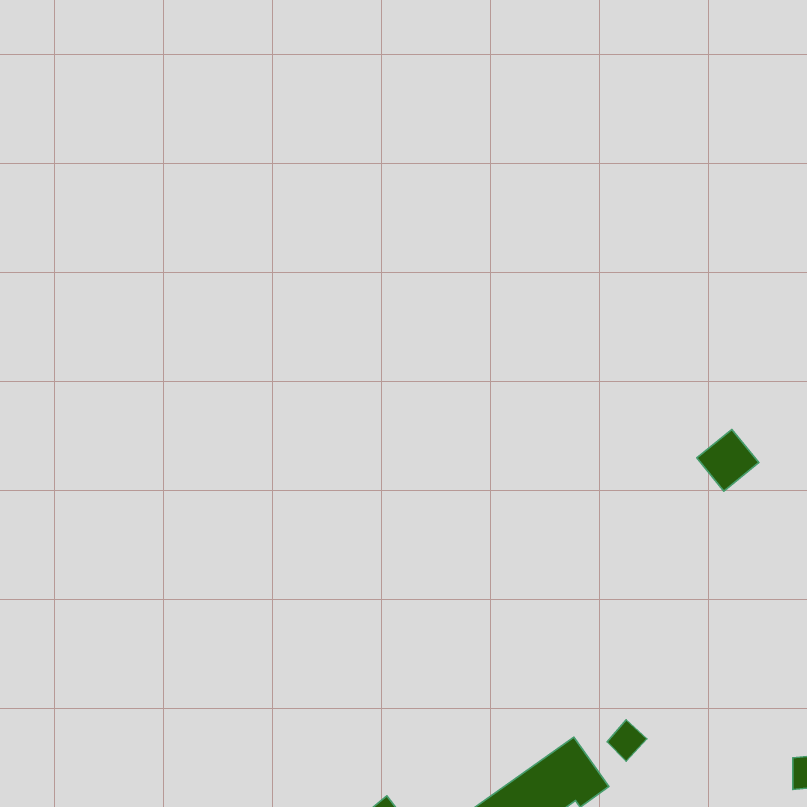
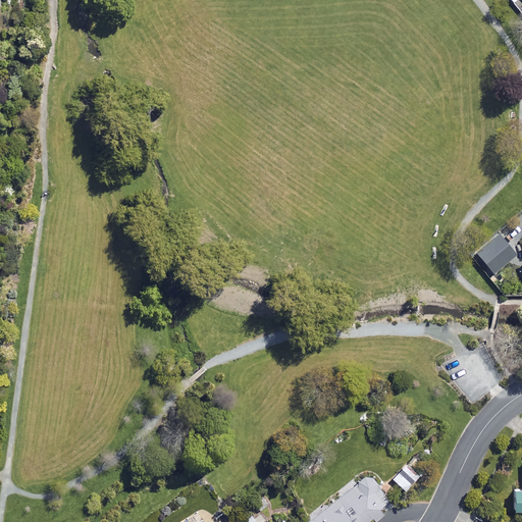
building: [697,429,759,491] -> [476,234,516,274]

